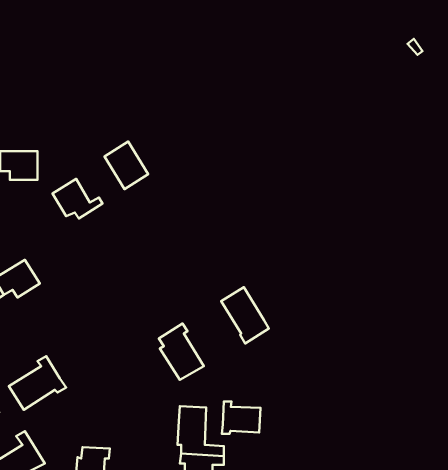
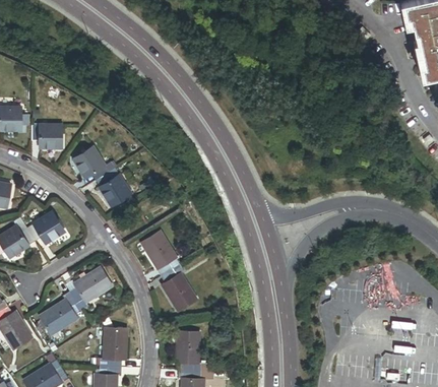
building: [104,142,148,189] -> [96,168,131,206]
building: [221,287,269,344] -> [141,232,180,277]
building: none -> [69,267,111,310]
building: none -> [99,328,127,367]
building: [222,401,260,434] -> none

